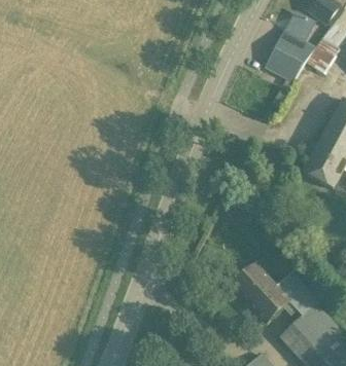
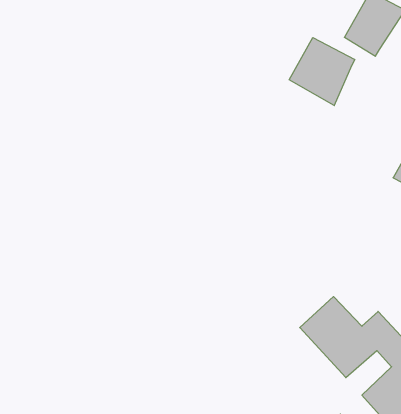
building: none -> [289,38,355,106]

